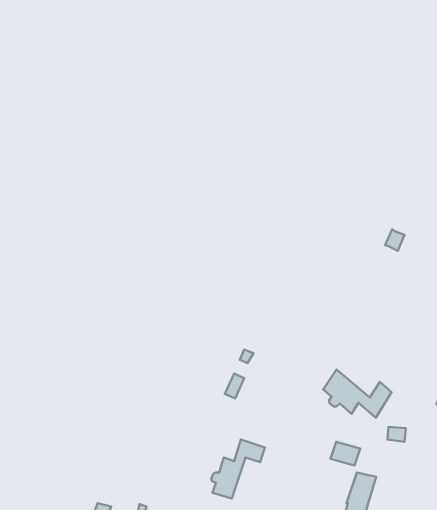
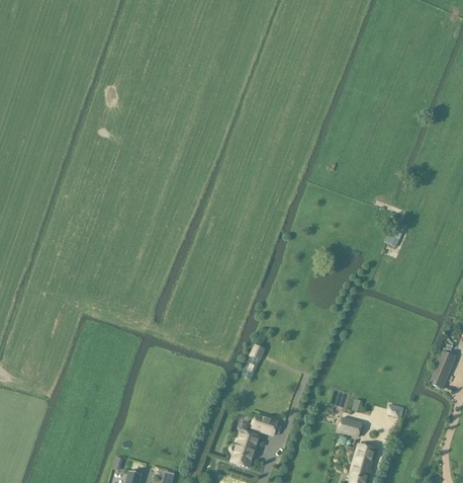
building: [323,369,392,418] -> none

